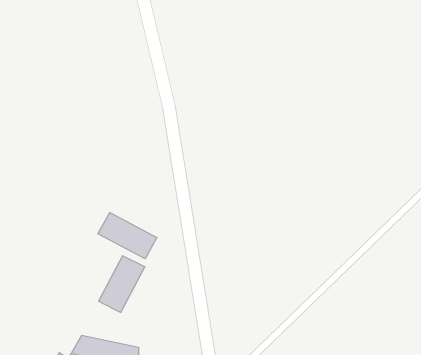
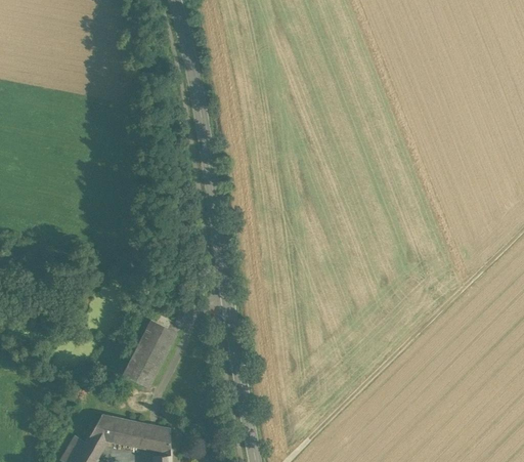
building: [98,212,157,259] -> none

